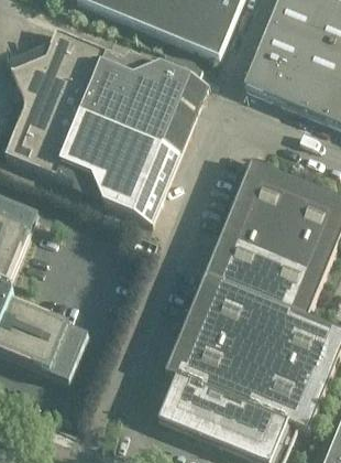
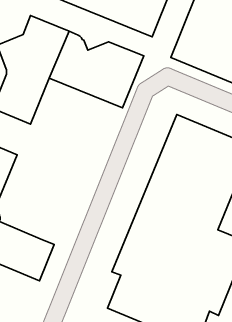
building: [56,111,179,220] -> none

